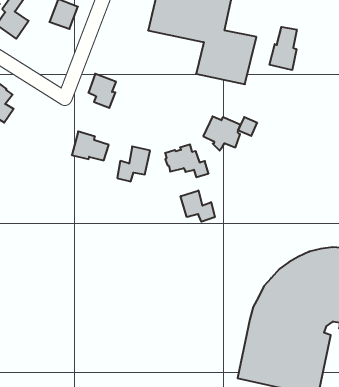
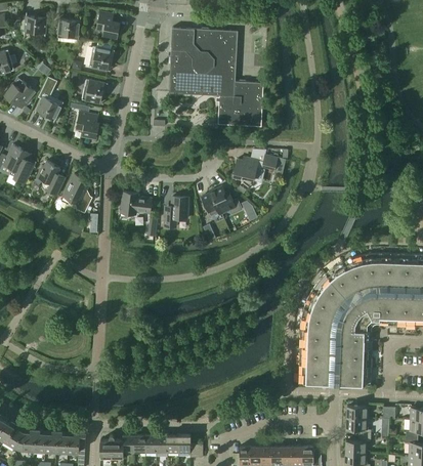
building: [269,27,297,70] -> none
building: [88,74,116,108] -> [76,112,99,139]
building: none -> [64,174,92,213]
building: [181,190,215,222] -> none

